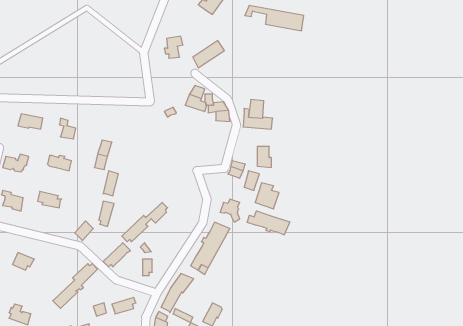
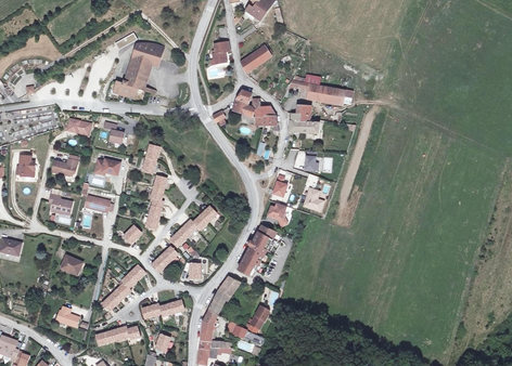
building: [245,6,304,31] -> [286,80,345,105]
building: none -> [113,42,164,99]
building: [247,211,290,235] -> none

